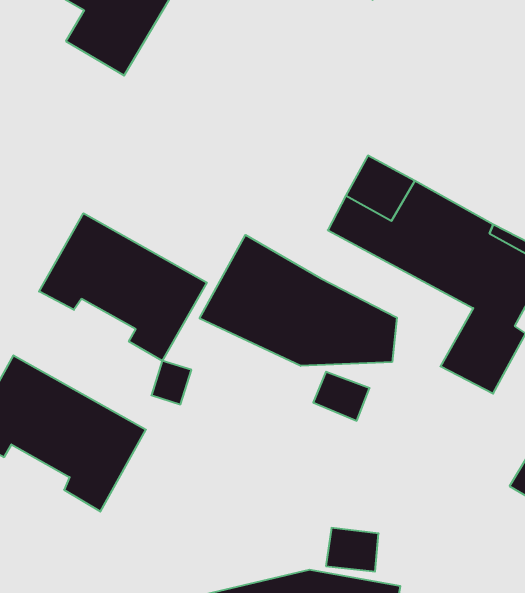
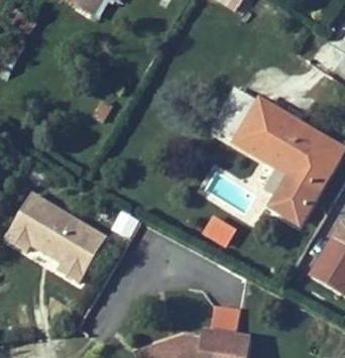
building: [39,213,207,361] -> none
building: [200,235,397,366] -> none

